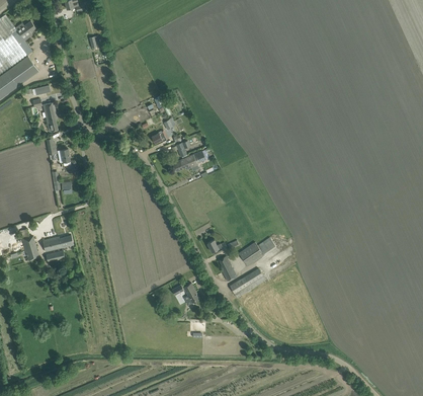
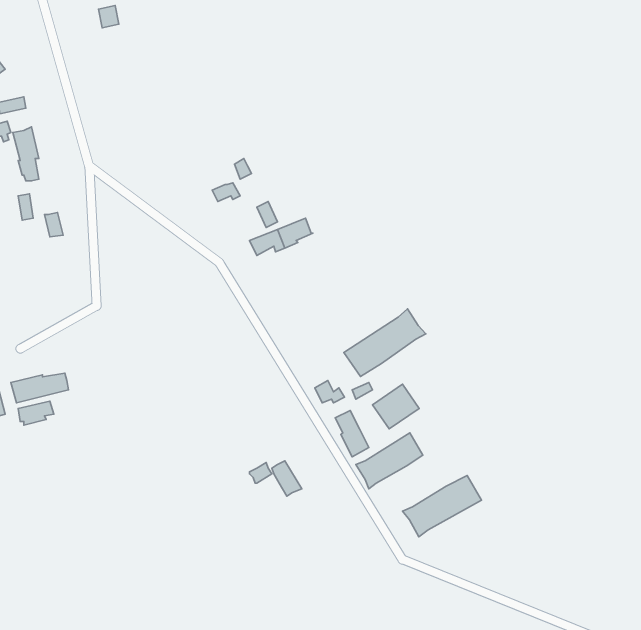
building: none -> [344,309,426,377]
building: none -> [403,475,482,537]

